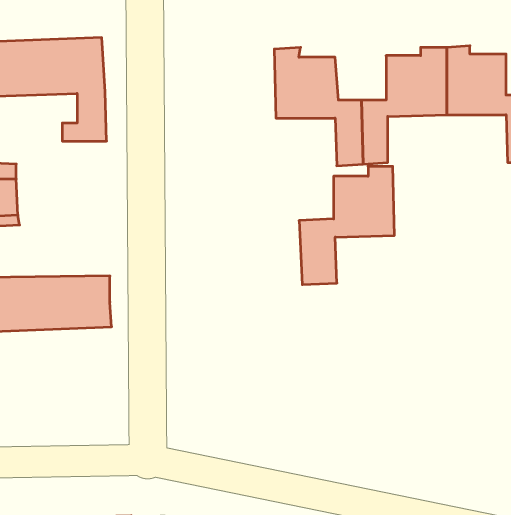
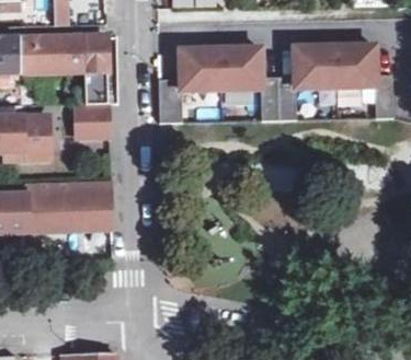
building: none -> [73,106,106,137]
building: [299,166,394,285] -> [155,42,218,120]

